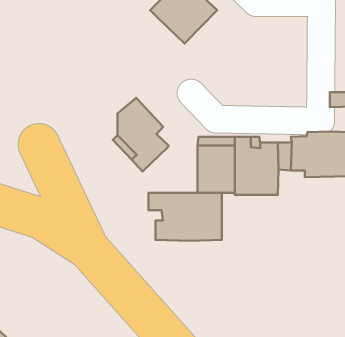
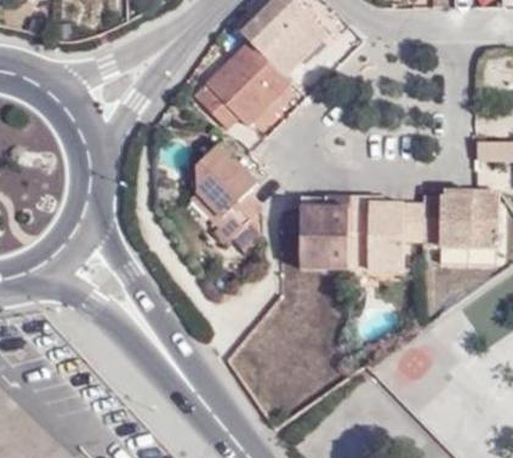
building: none -> [199,41,291,131]
building: [149,193,222,241] -> none

